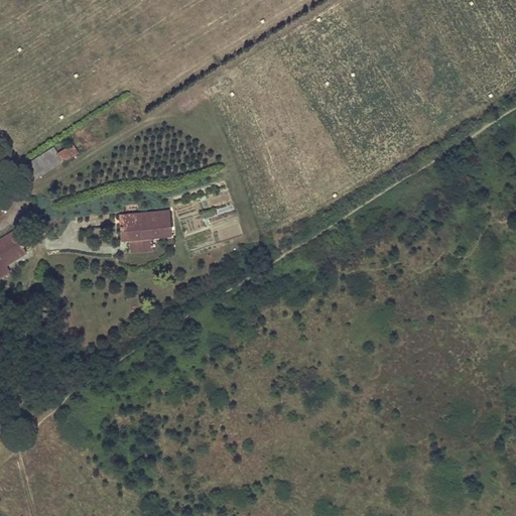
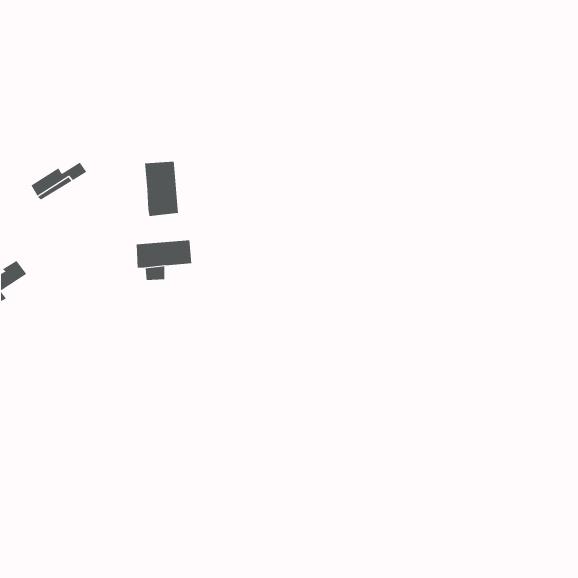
building: none -> [145,161,179,217]

